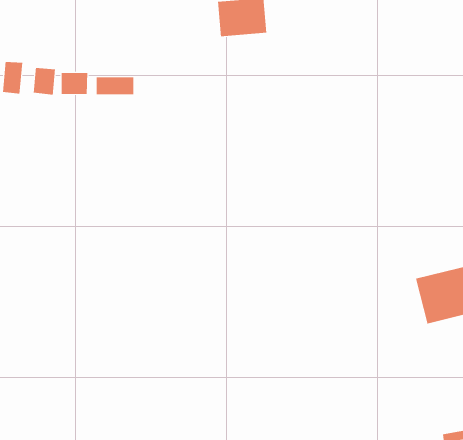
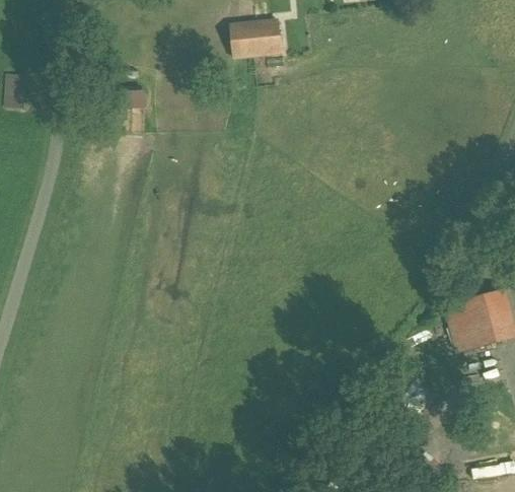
building: [33,67,55,95] -> none
building: [61,72,88,95] -> none

